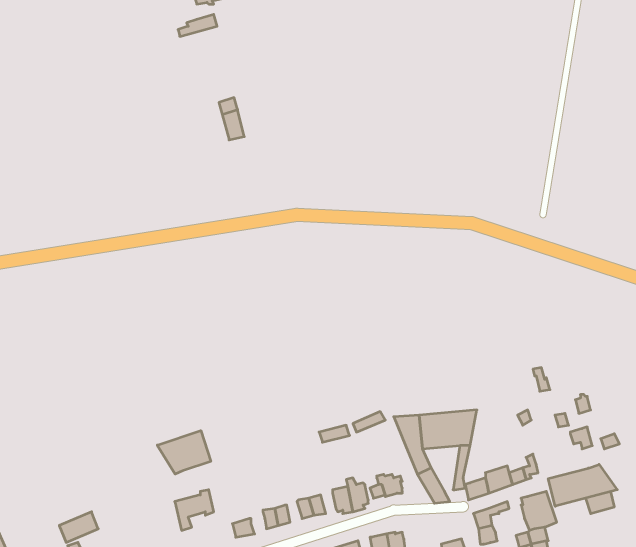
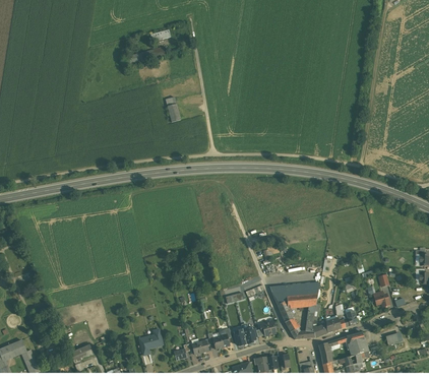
building: [157,431,211,474] -> none
building: [548,464,617,506] -> none

